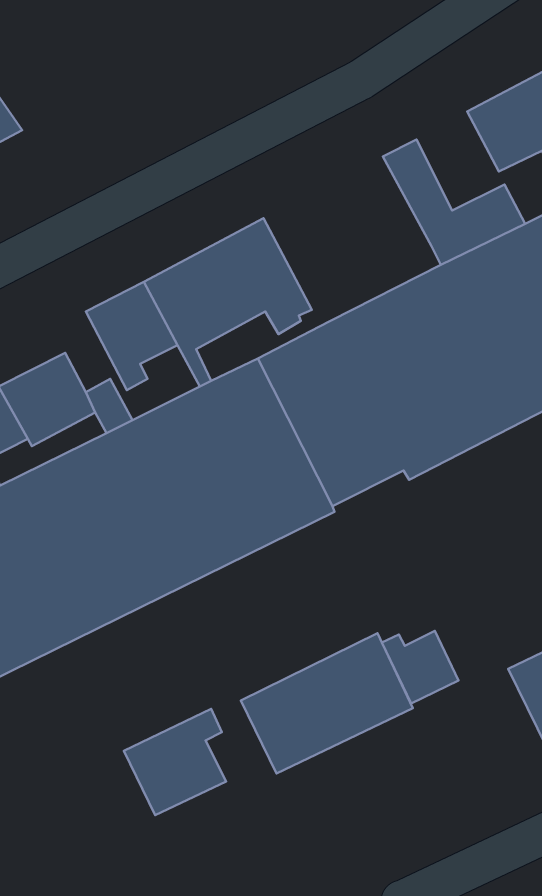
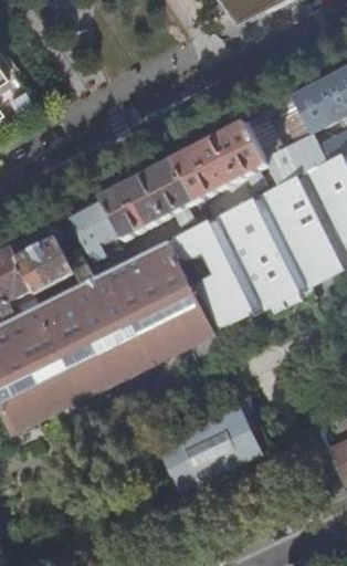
building: none -> [172,122,272,222]
building: [382,631,459,704] -> none
building: [124,709,226,815] -> none

